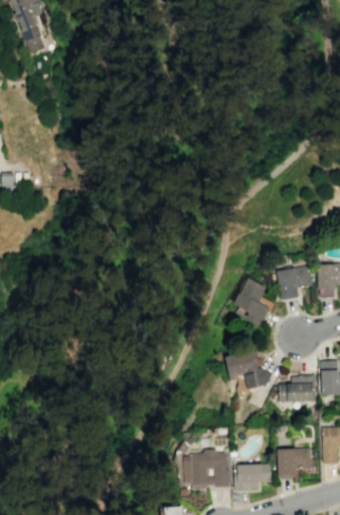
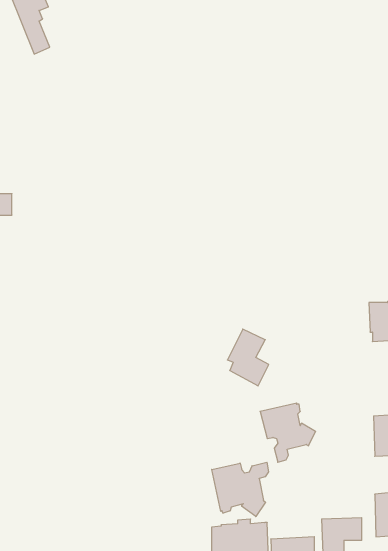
building: [276,266,312,300] -> none
building: [233,277,269,325] -> [227,329,269,386]
building: [279,374,317,402] -> none
building: none -> [212,462,268,517]

